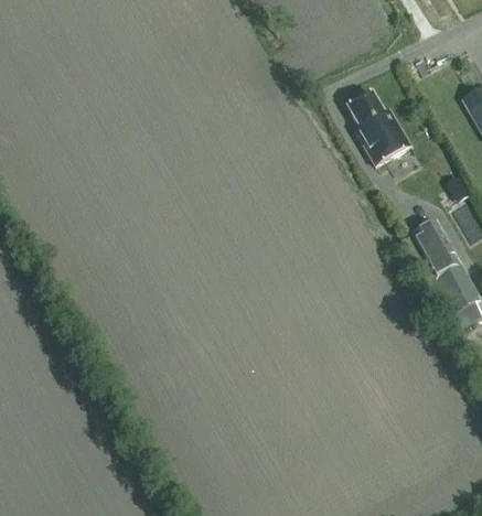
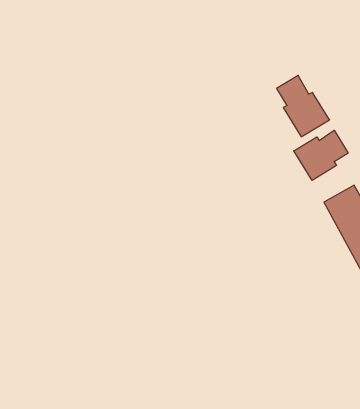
building: none -> [294,130,348,180]

